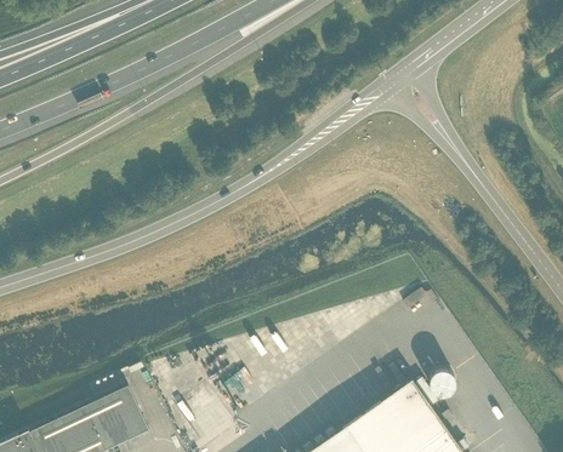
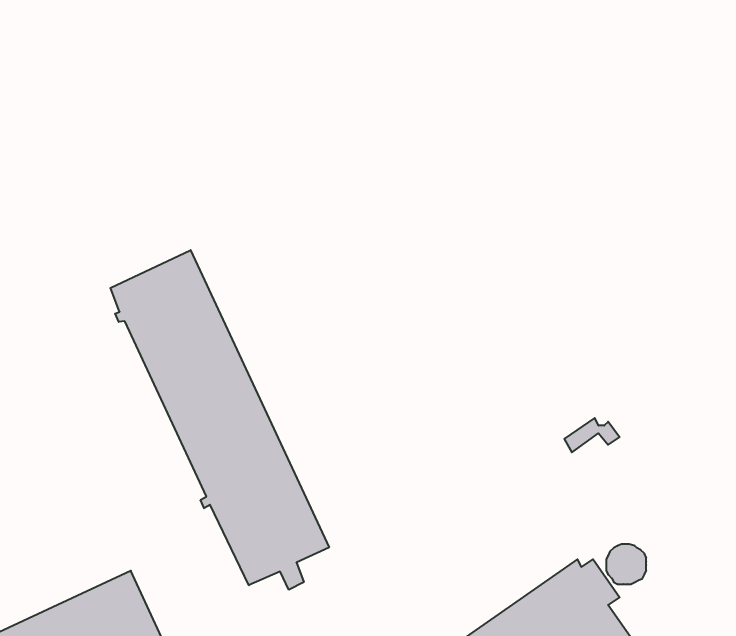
building: none -> [110,250,329,590]

